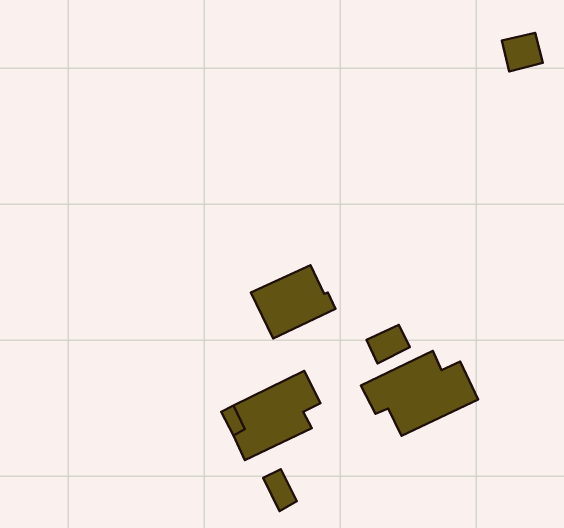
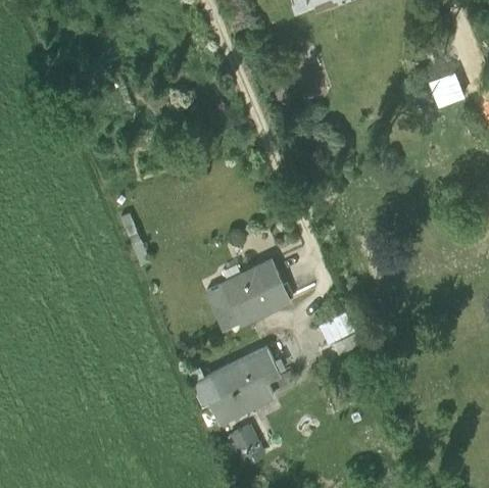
building: none -> [205,286,241,332]
building: [361,351,478,436] -> none

